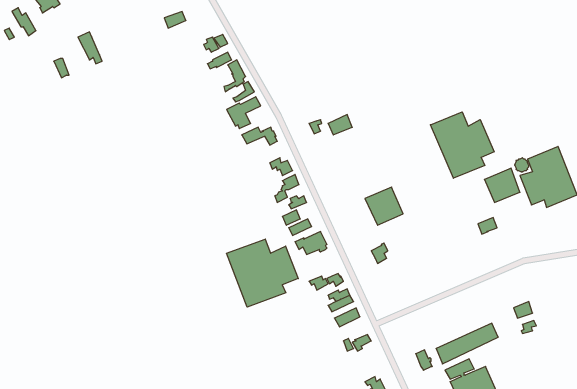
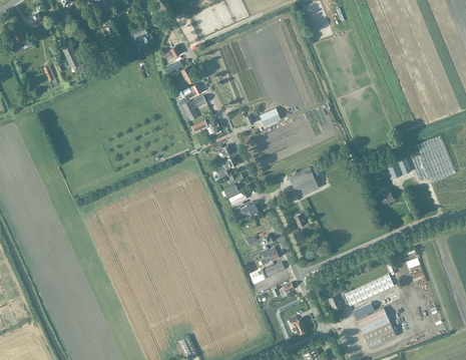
building: [430,112,494,178] -> none
building: [227,239,298,307] -> none

